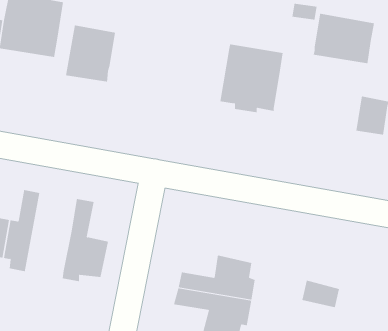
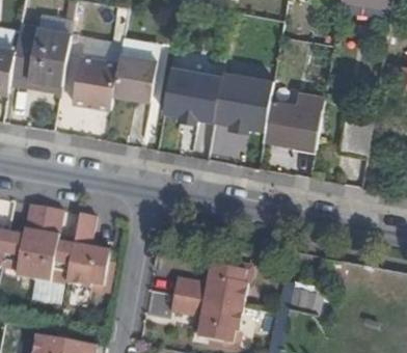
building: [313,13,375,64] -> [264,100,321,146]
building: none -> [113,52,158,99]
building: none -> [164,67,222,126]
building: none -> [35,209,77,286]

